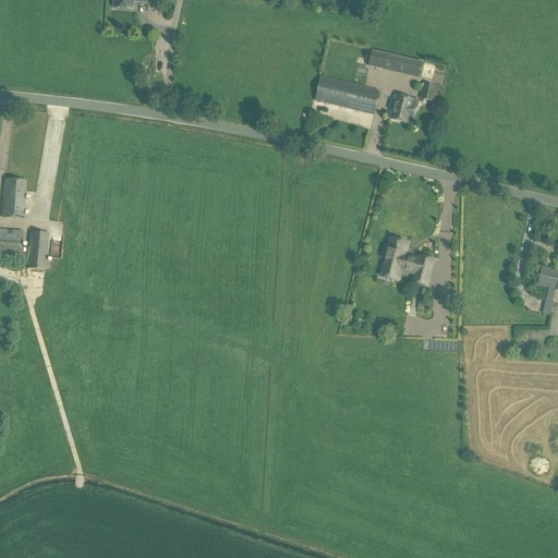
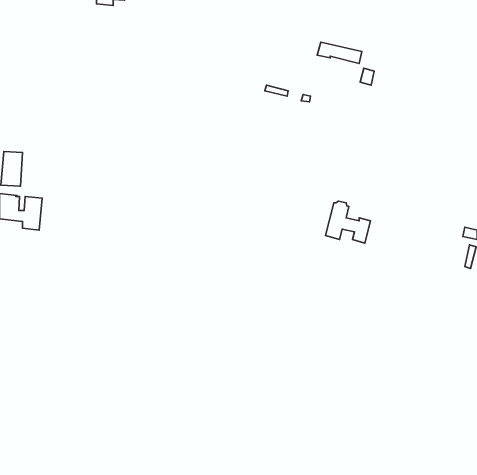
building: [315,74,379,112] -> none
building: [389,93,416,121] -> none

